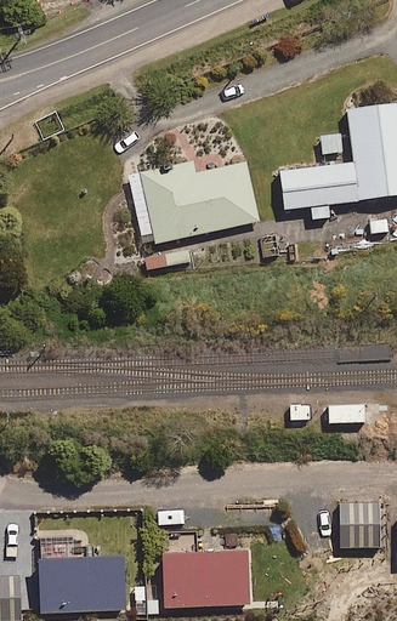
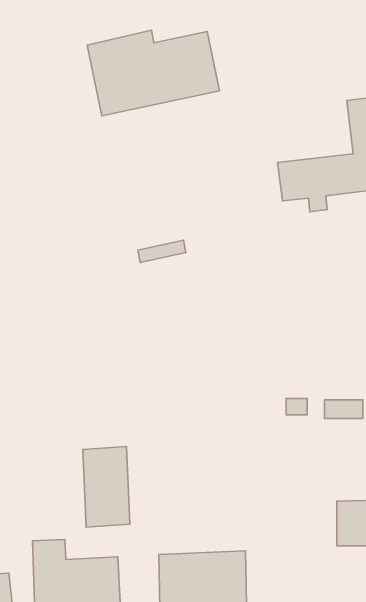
building: [127,161,257,245] -> [87,30,219,116]
building: none -> [83,447,130,527]

